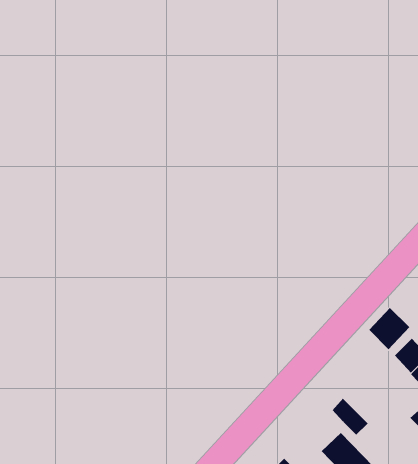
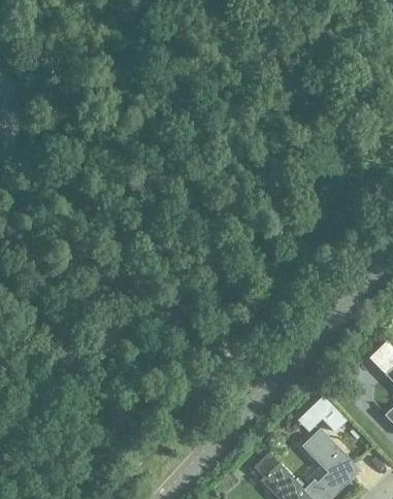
building: [368,307,410,350] -> none

